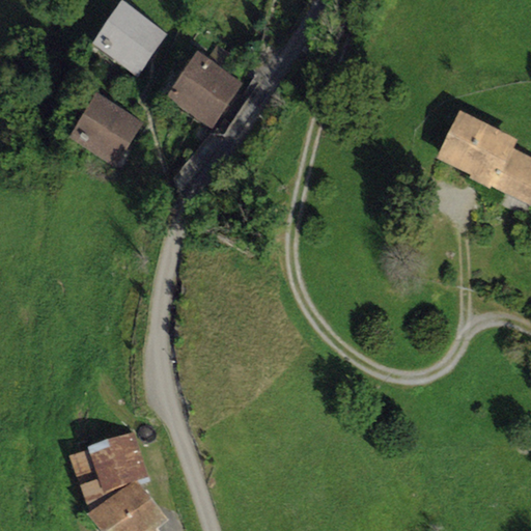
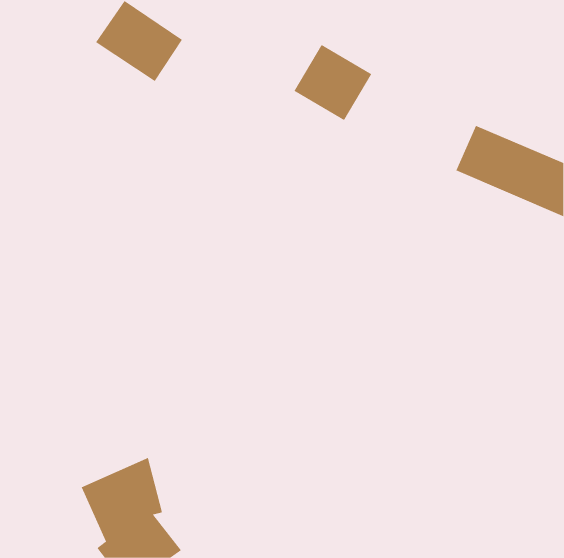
building: [168,52,242,123] -> [294,44,372,121]
building: [63,93,148,171] -> none

